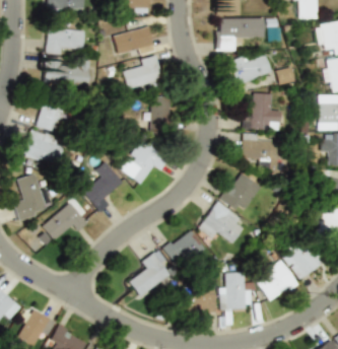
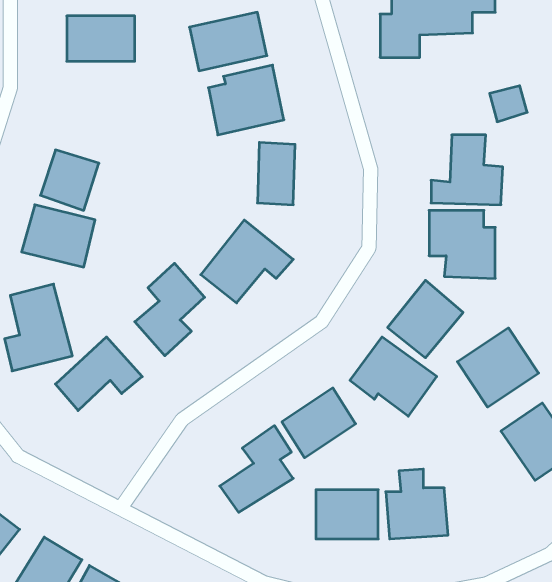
building: [228,54,273,85] -> none
building: [46,58,89,85] -> none
building: [254,260,297,302] -> [457,328,539,407]

